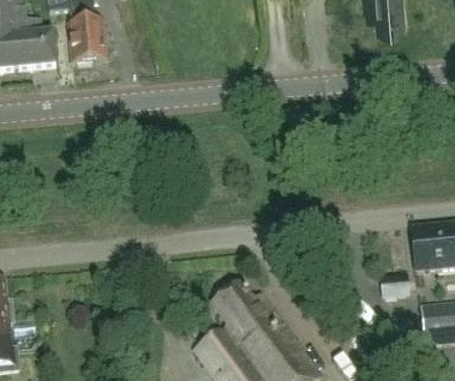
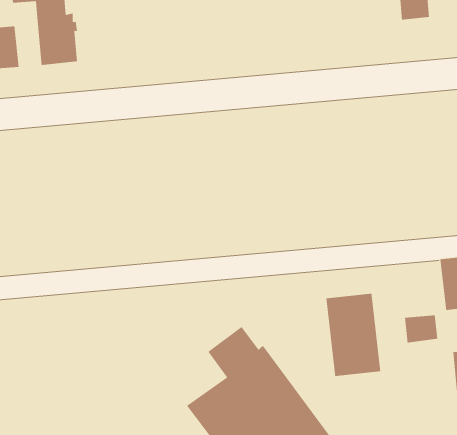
building: none -> [326,293,381,377]

